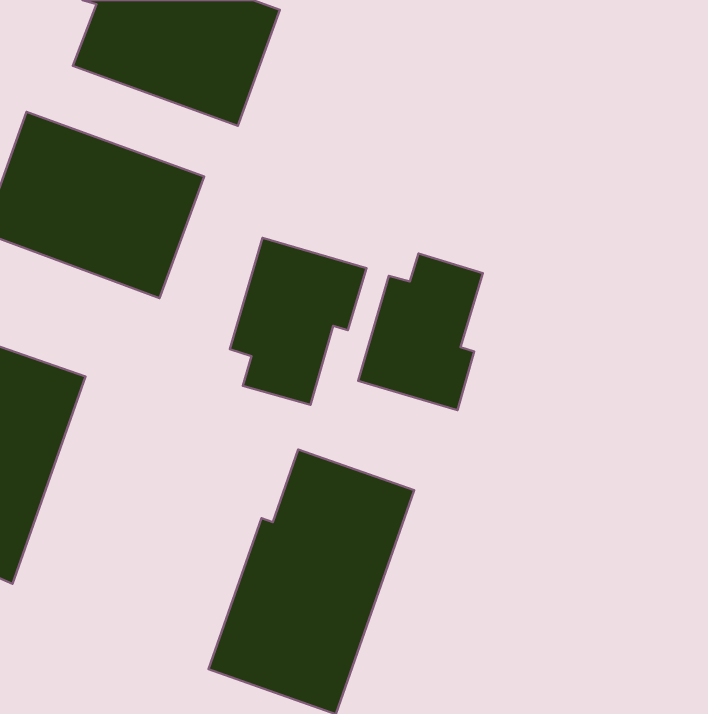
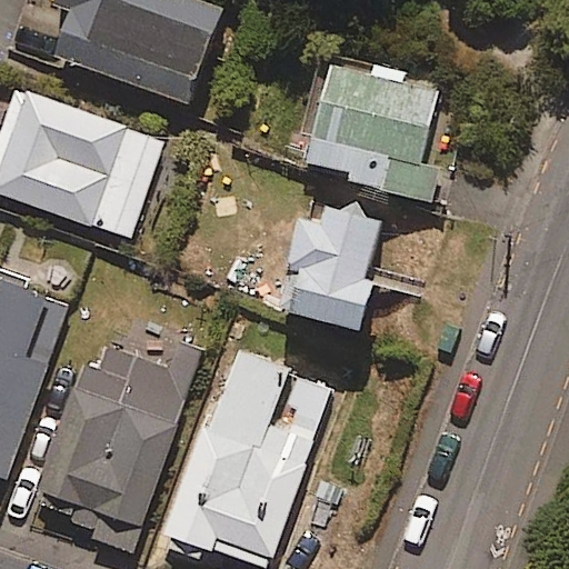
building: none -> [311,60,439,199]
building: [230,238,367,405] -> none
building: none -> [37,332,199,550]

